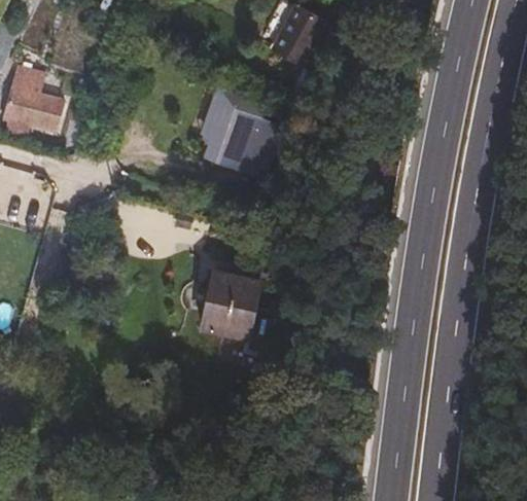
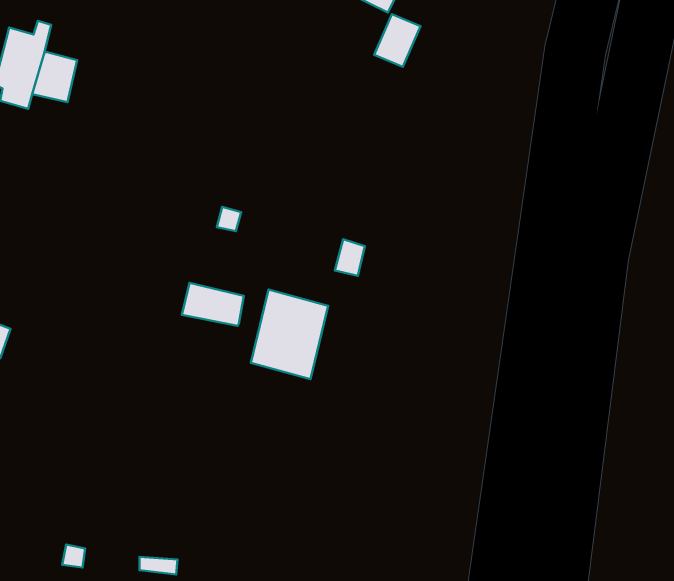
building: [210,87,283,170] -> none
building: none -> [182,283,244,326]

